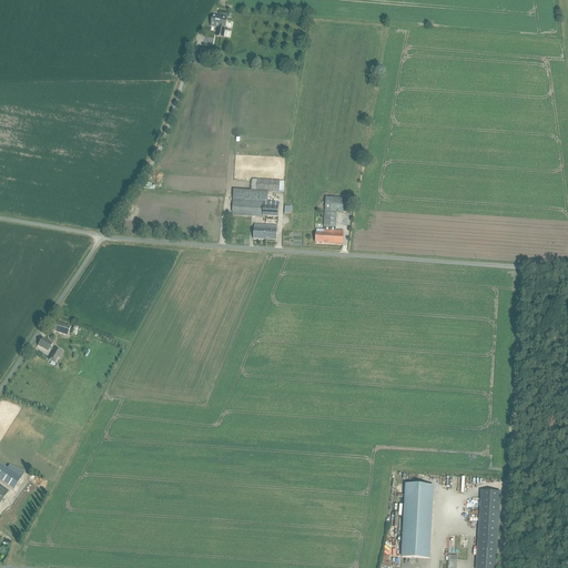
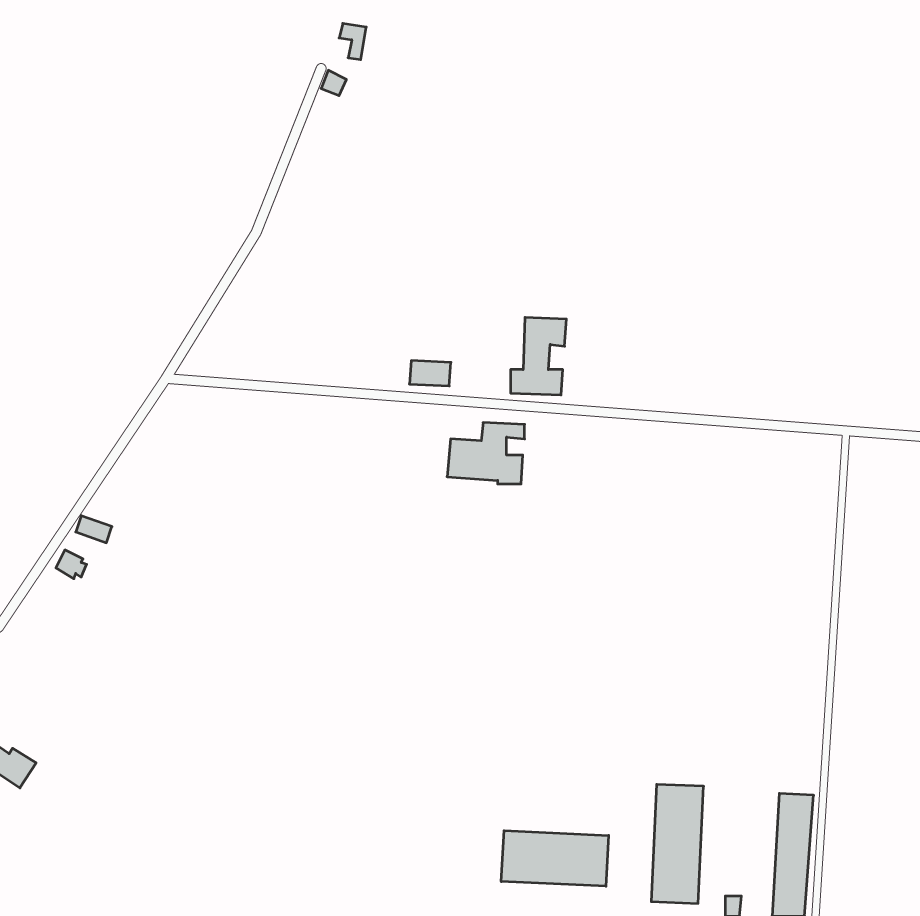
building: [231,181,278,219] -> [447,423,525,484]
building: none -> [501,831,609,886]

